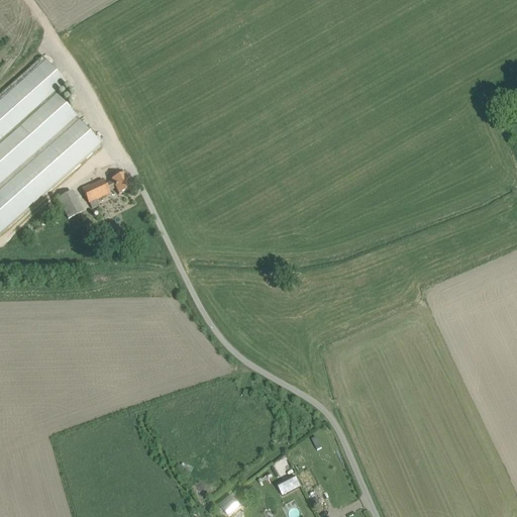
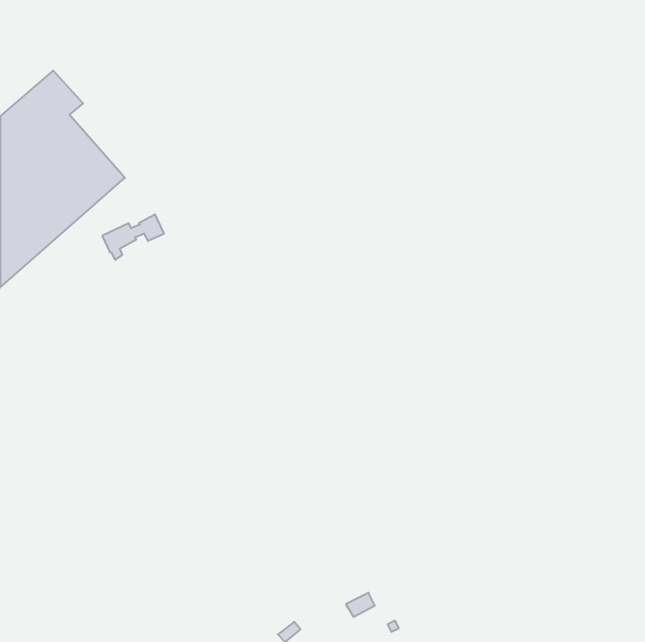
building: [57,190,83,218] -> none

